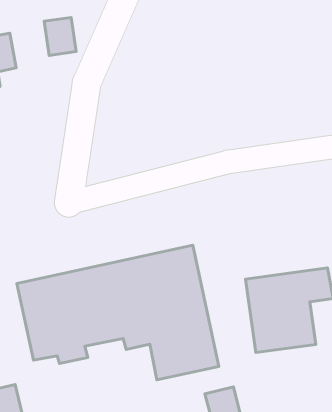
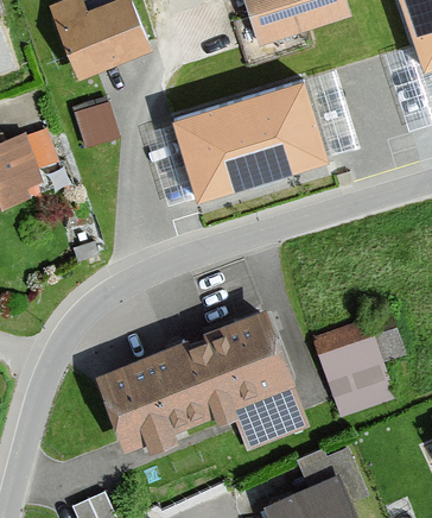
building: none -> [179,86,322,195]

